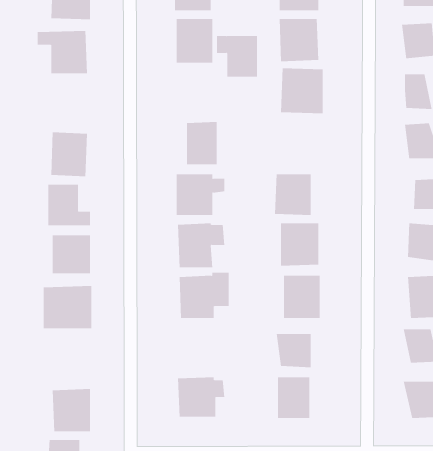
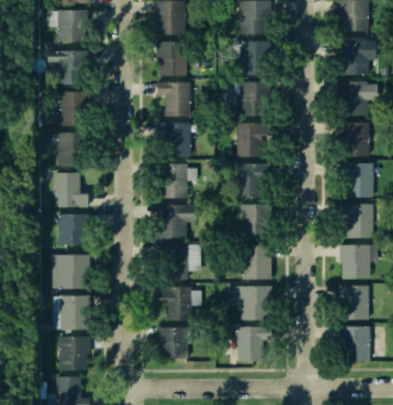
building: [216,36,258,77] -> [156,82,189,116]
building: none -> [61,92,88,125]
building: none -> [237,123,270,156]
building: none -> [157,287,200,322]
building: none -> [51,295,89,330]

